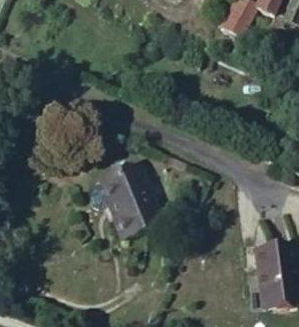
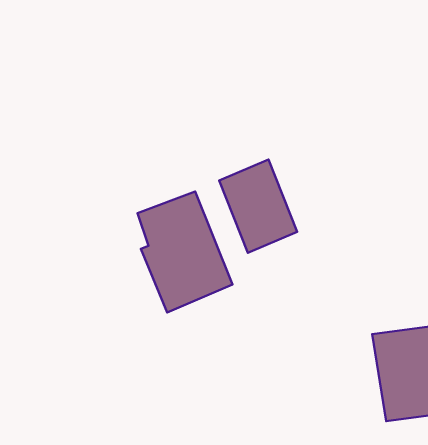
building: none -> [219,160,297,253]

